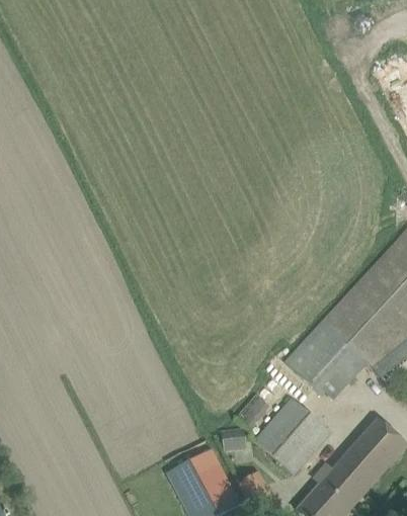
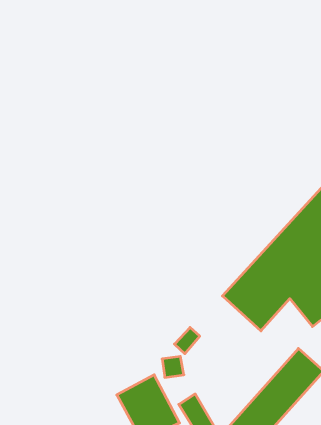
building: [253,400,328,476] -> none

